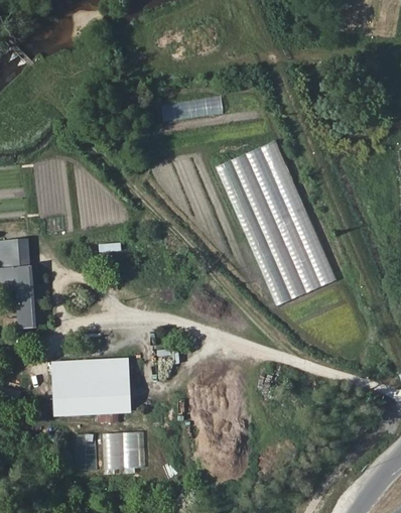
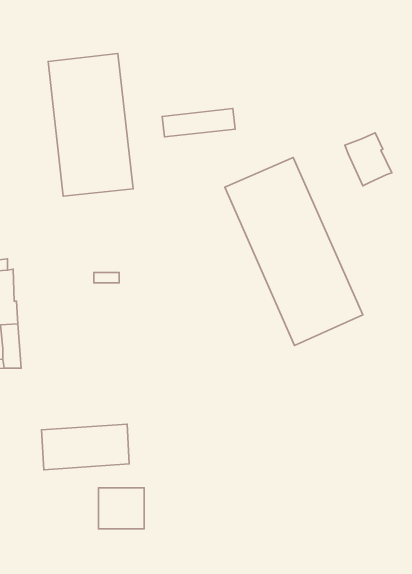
building: none -> [48,53,133,196]
building: none -> [345,133,392,186]
building: [51,358,128,381] -> none

